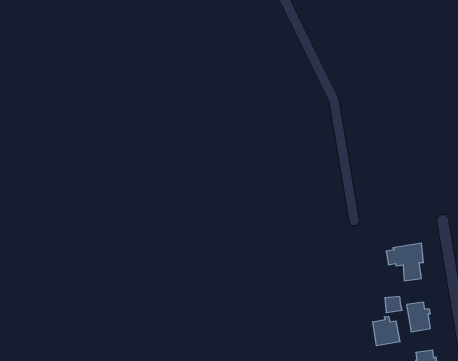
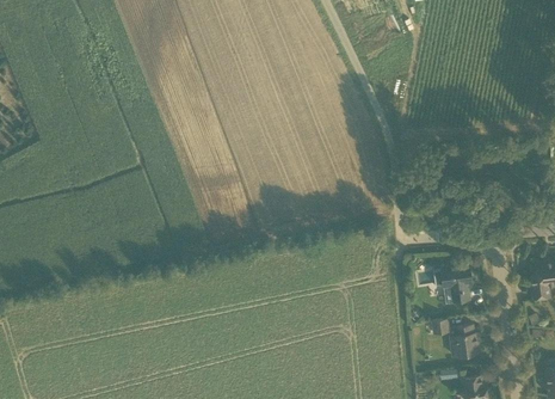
building: [373,316,400,346] -> none

